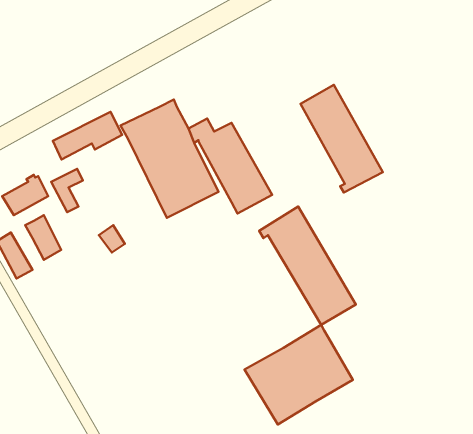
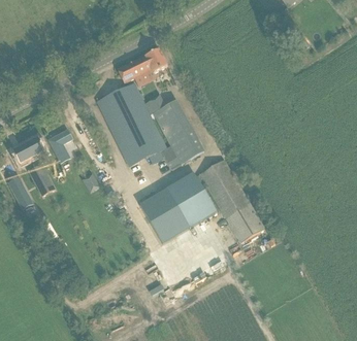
building: [300,85,383,193] -> none
building: [53,112,122,159] -> [118,49,167,83]
building: [245,325,353,424] -> [139,172,217,243]

